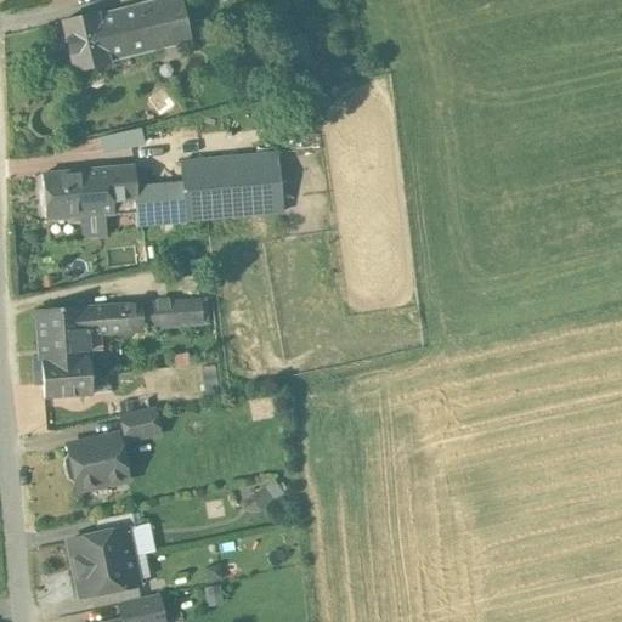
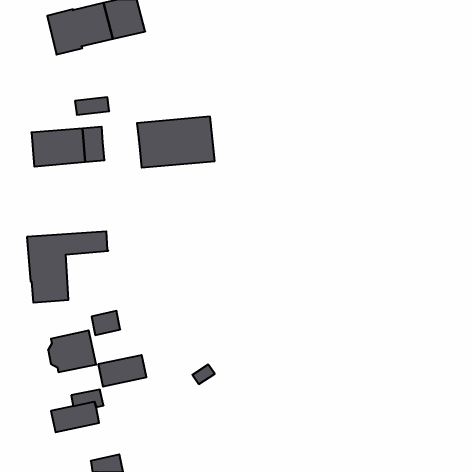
building: [137,183,188,224] -> none
building: [142,298,204,329] -> none
building: [75,555,138,596] -> [98,355,146,387]

